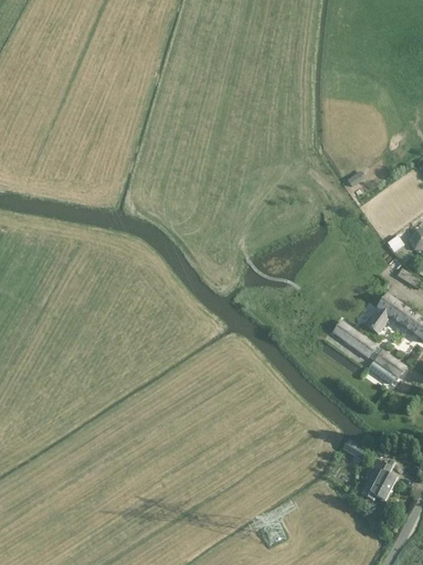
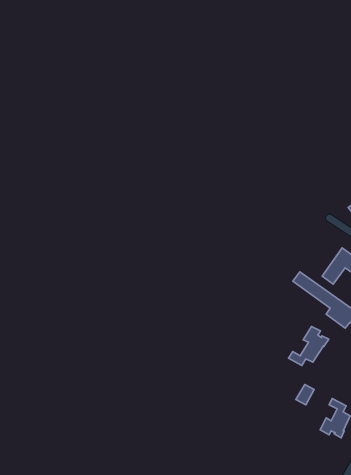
building: none -> [289,326,329,366]

